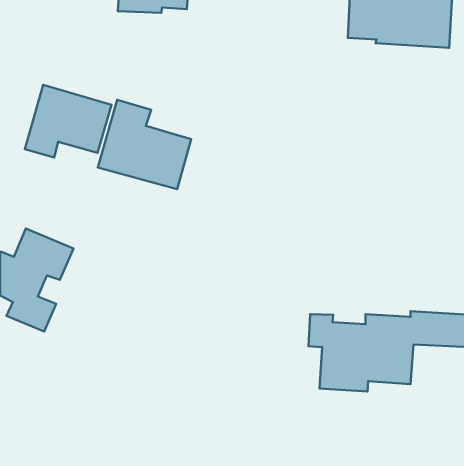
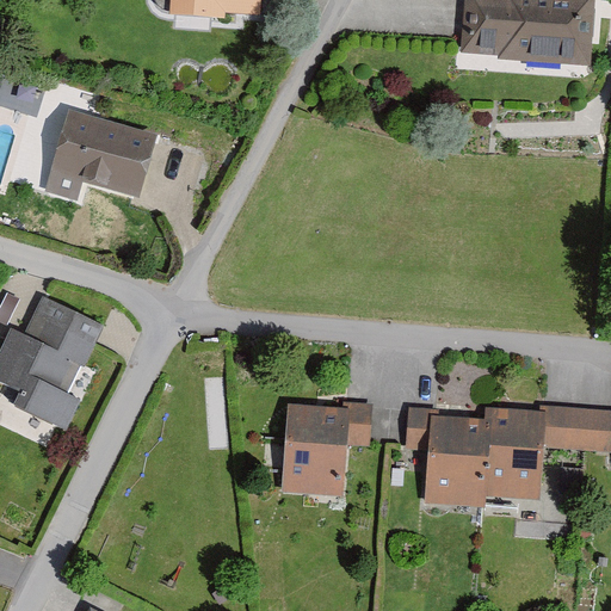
building: [98,100,191,189] -> none
building: none -> [282,401,371,495]

